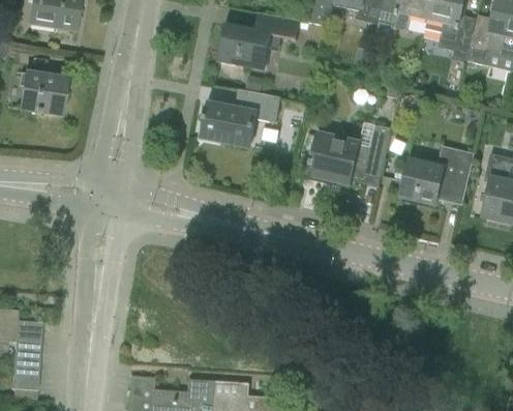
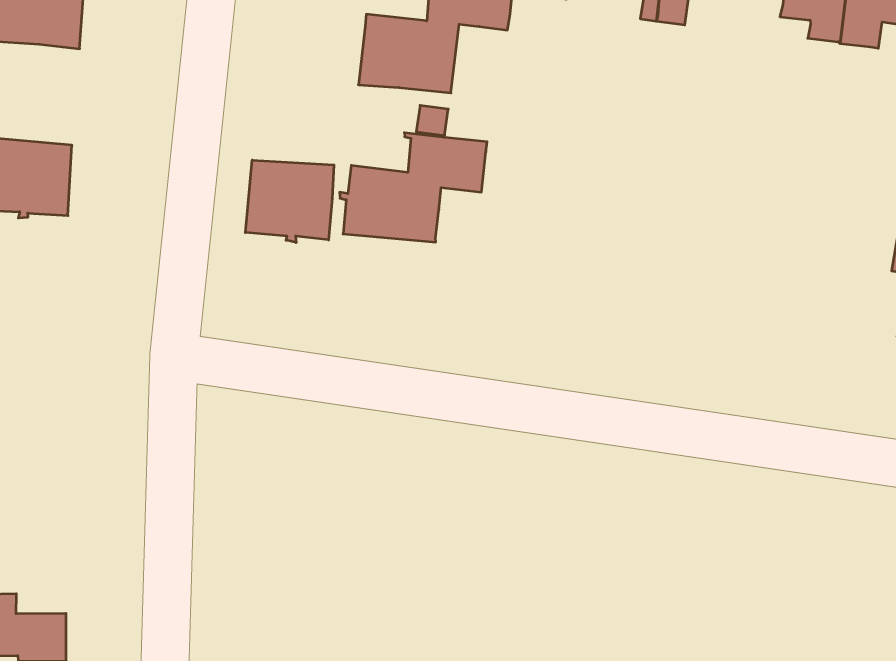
building: none -> [245,160,334,243]
building: [309,124,393,186] -> none
building: [402,146,476,204] -> none

